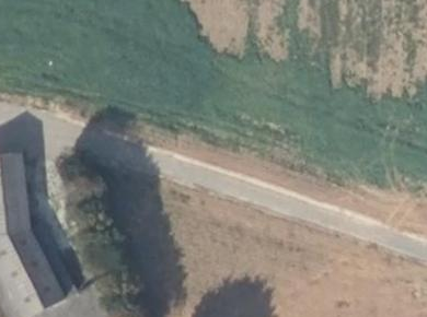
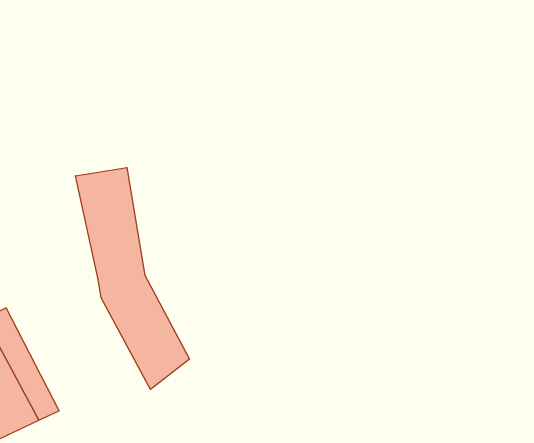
building: none -> [75,167,189,389]

